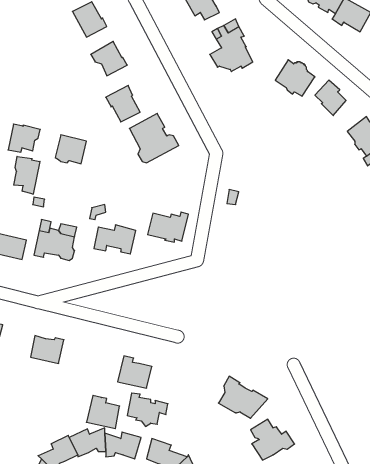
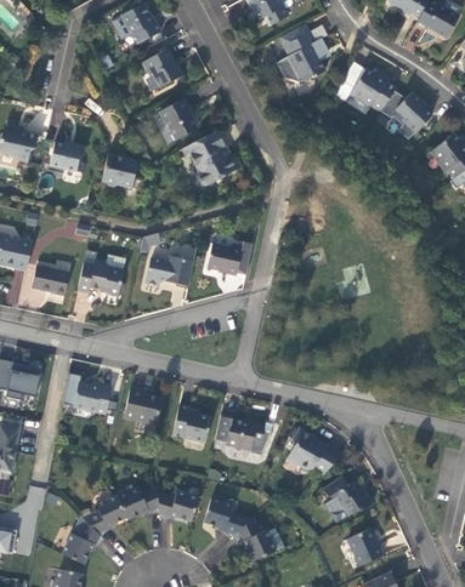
building: [14,156,40,194] -> none
building: [127,393,168,426] -> [216,412,262,450]
building: [86,395,120,429] -> [124,386,161,423]

